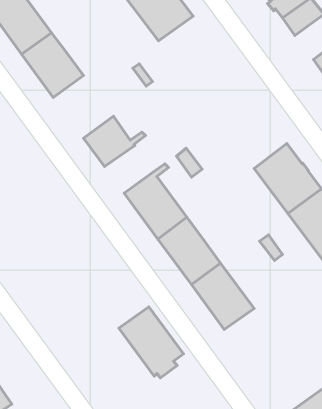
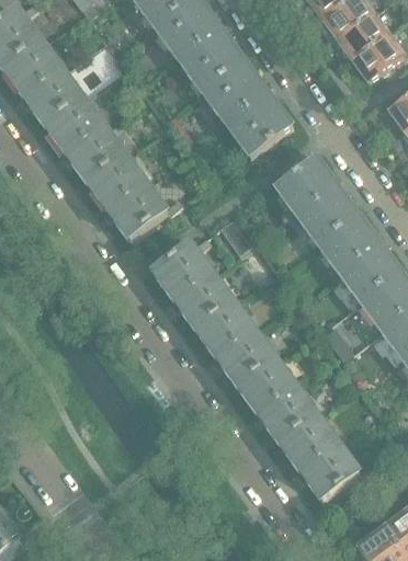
building: none -> [199,54,293,156]
building: none -> [68,127,143,205]
building: none -> [275,156,358,242]
building: [119,307,183,378] -> [280,415,360,503]

